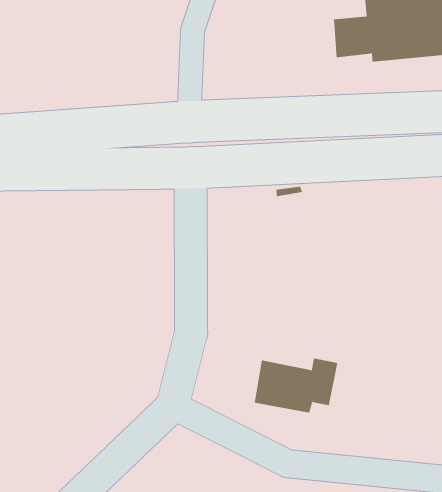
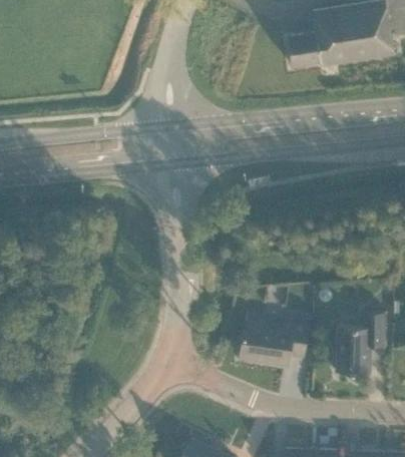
building: none -> [332,316,386,377]

